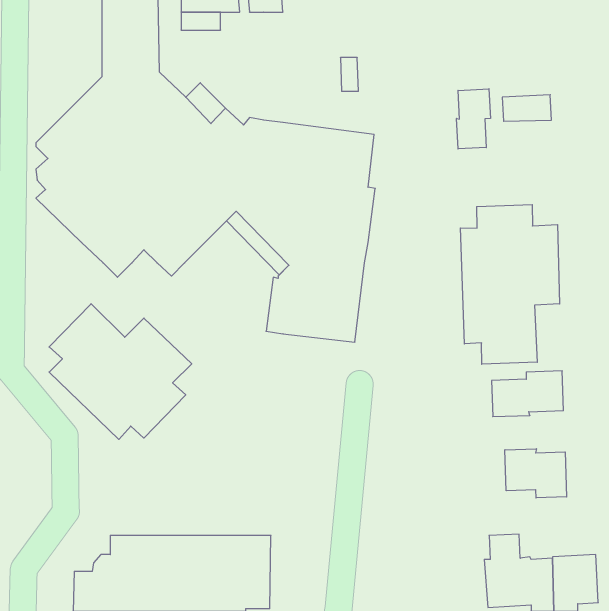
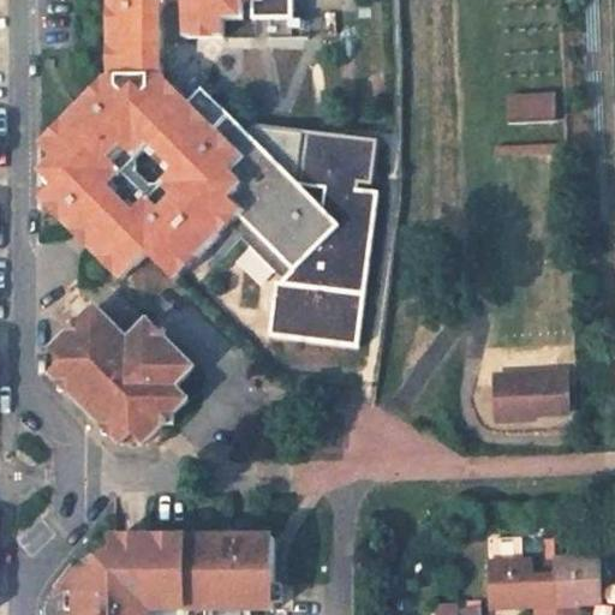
building: [457,89,490,149] -> none
building: [461,205,560,364] -> none
building: [505,449,567,498] -> none

